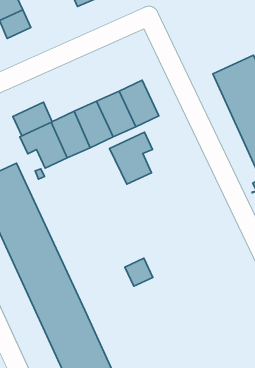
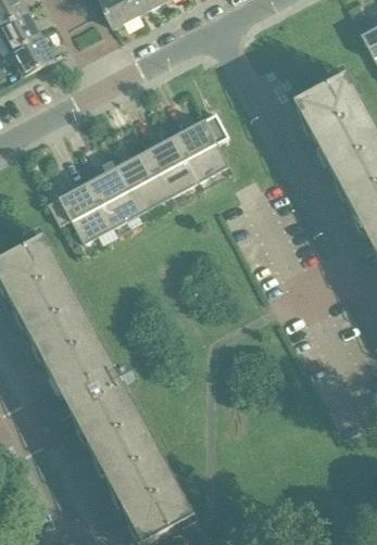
building: [13,102,52,136] -> none
building: [110,132,153,184] -> none
building: [125,258,153,286] -> none

